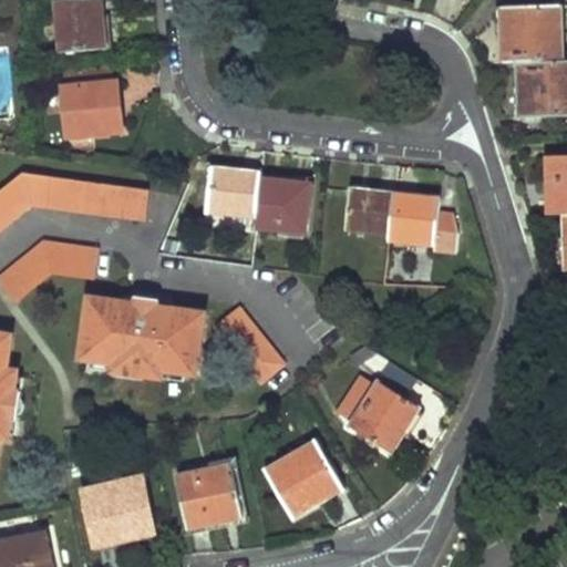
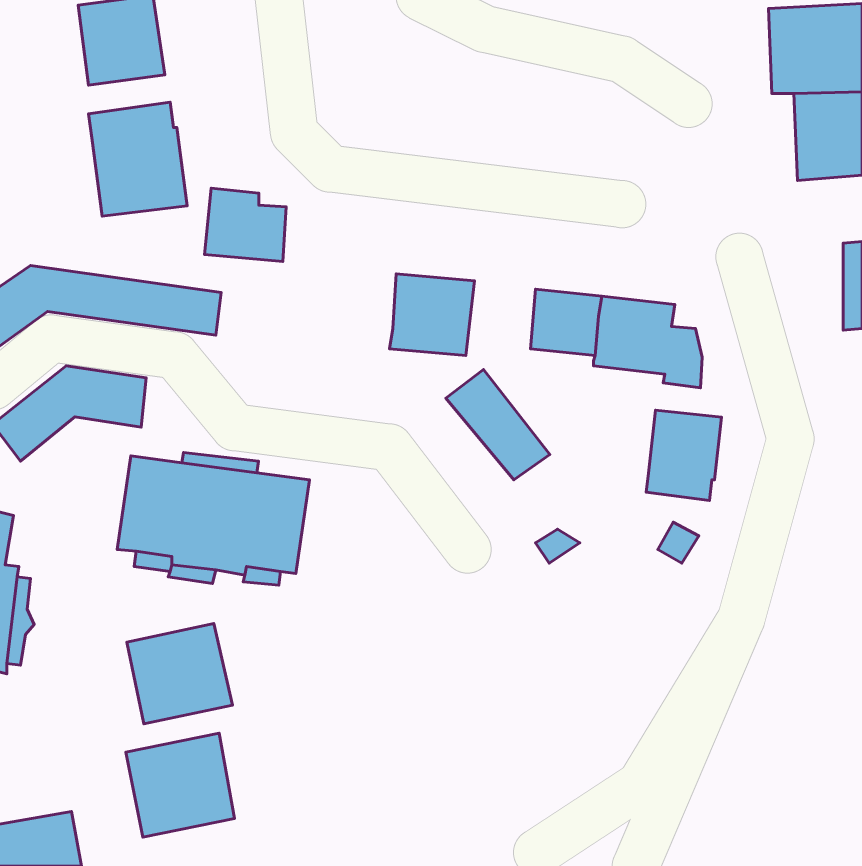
building: [205,166,258,214] -> [204,188,286,261]
building: none -> [646,410,722,501]
building: [213,308,280,380] -> [446,369,550,480]
building: [342,378,421,452] -> none
building: [266,442,341,517] -> none
building: [175,464,244,529] -> [127,623,232,724]

